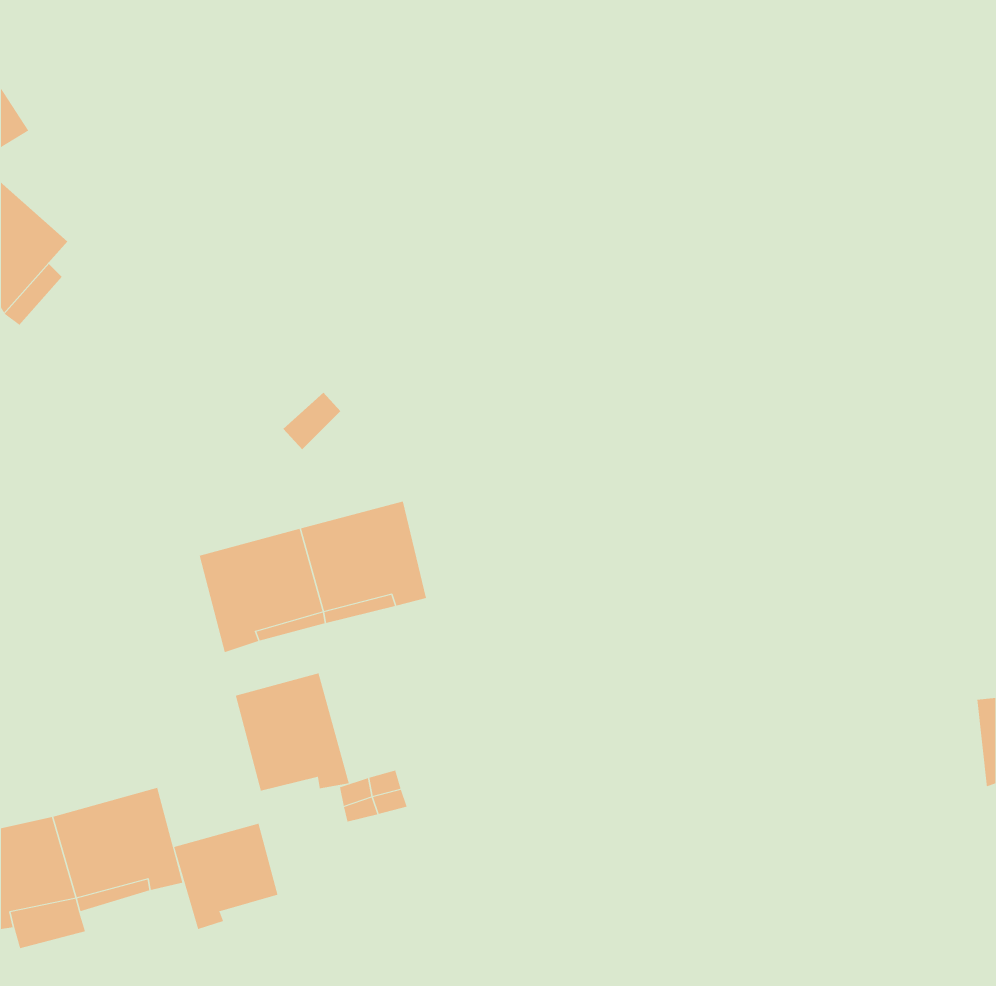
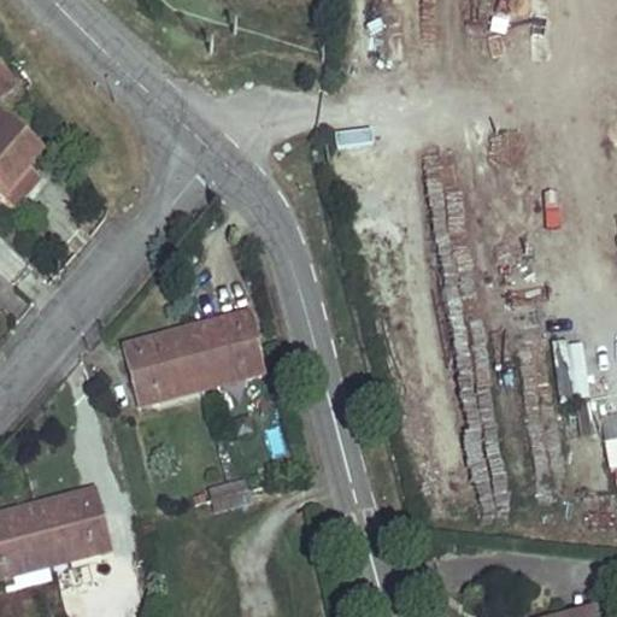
building: [235,673,350,792] -> none
building: [174,823,278,930] -> none

